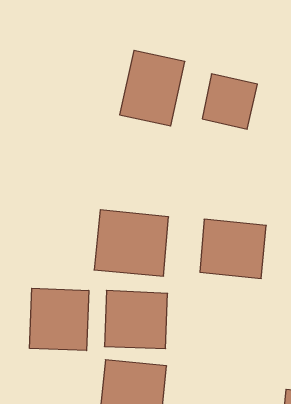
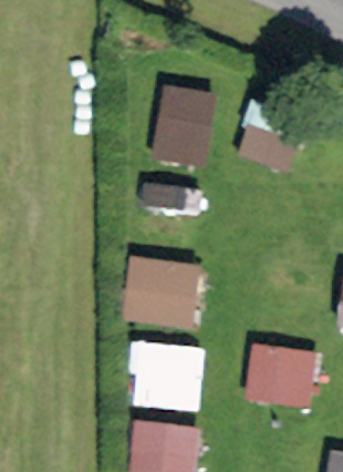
building: [200,219,266,278] -> [245,342,316,407]
building: [30,288,89,351] -> none

